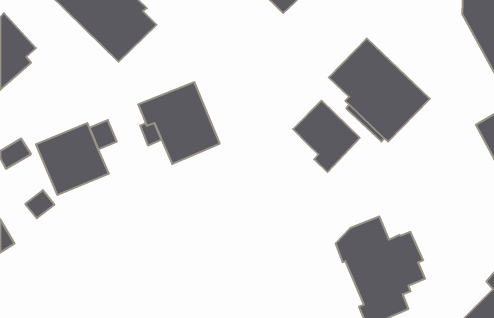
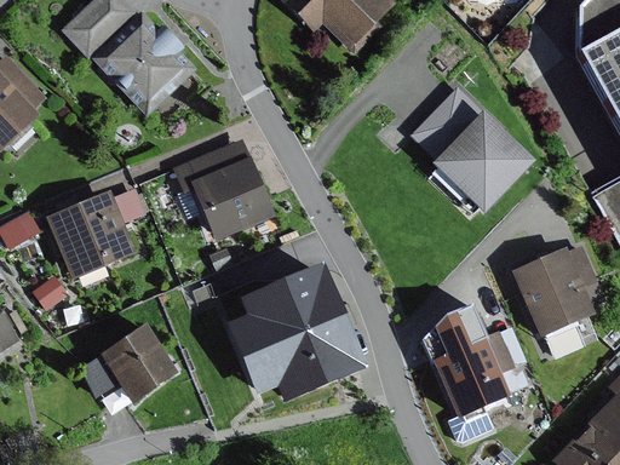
building: [293,101,360,172] -> none
building: none -> [510,243,607,355]
building: none -> [226,263,367,403]
building: none -> [79,323,178,403]

